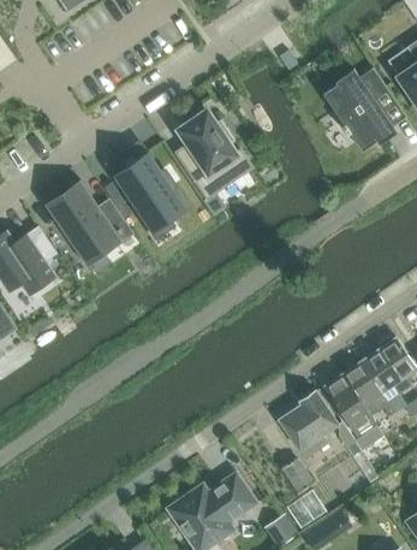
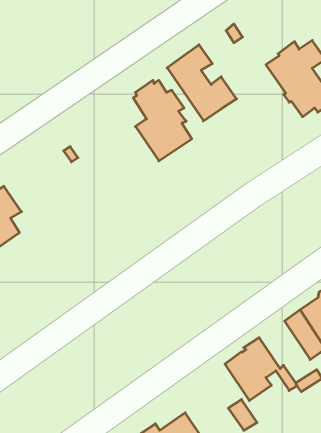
building: [113,150,189,233] -> [167,45,237,121]
building: [44,181,131,266] -> none
building: [324,373,376,436] -> none

